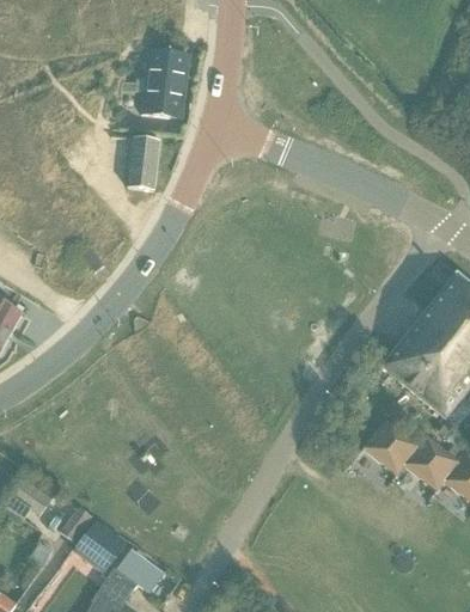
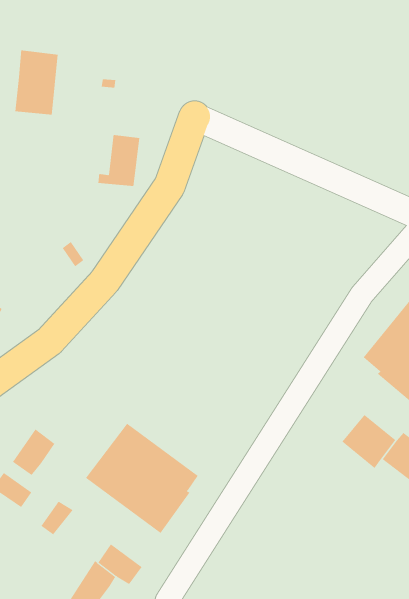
building: [142,51,187,117] -> [15,50,58,115]
building: none -> [85,423,199,534]
building: none -> [12,429,55,476]
building: [74,522,123,570] -> none

